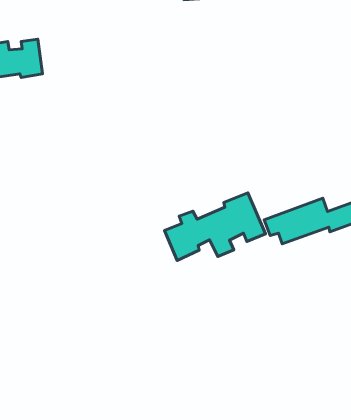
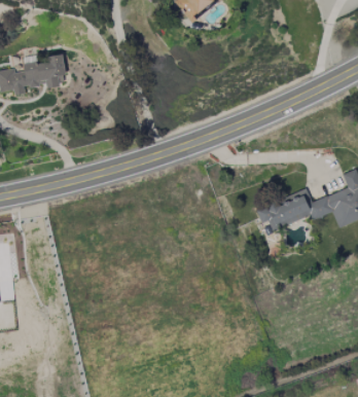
building: [165,193,265,260] -> none

